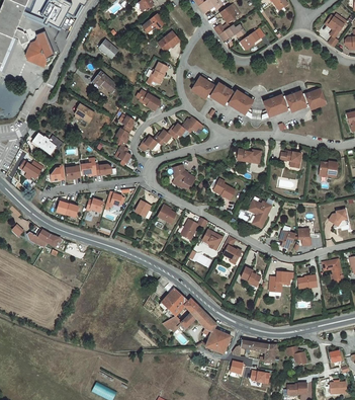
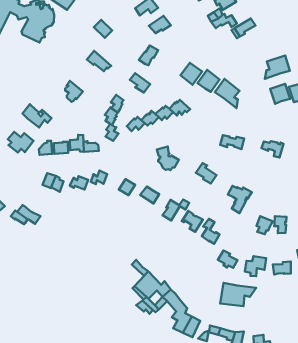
building: [261,95,286,121] -> [265,56,290,79]
building: none -> [220,283,256,306]

